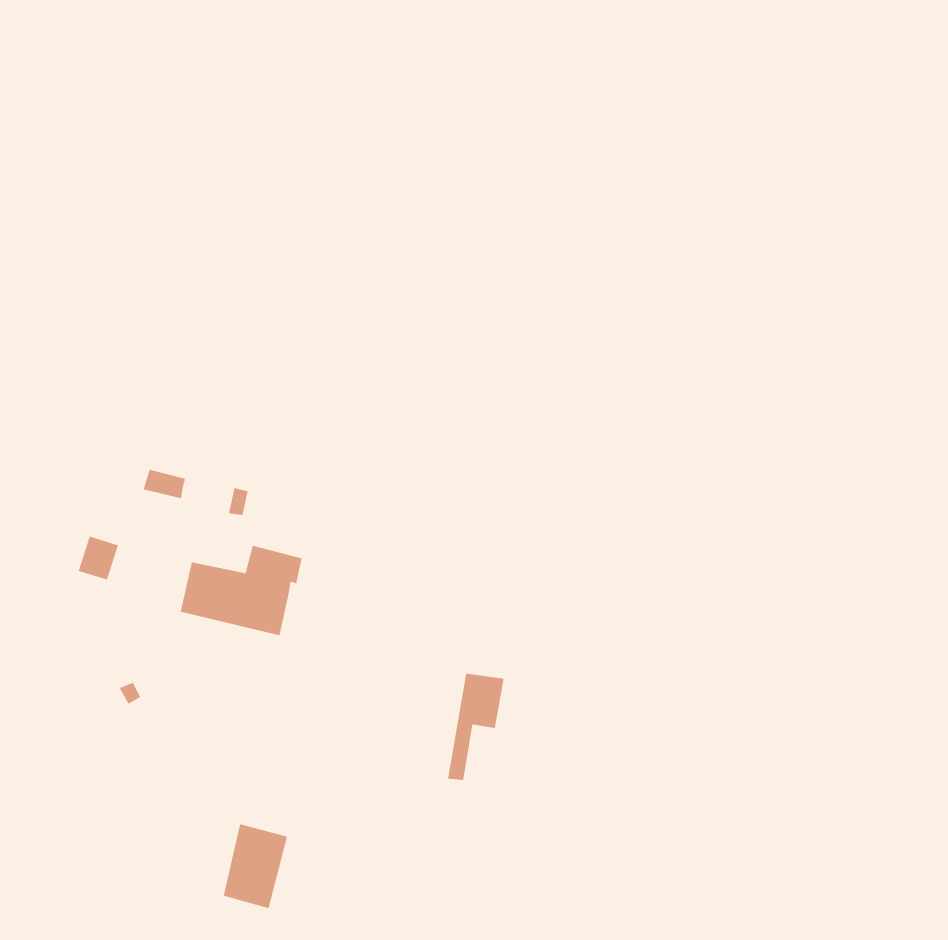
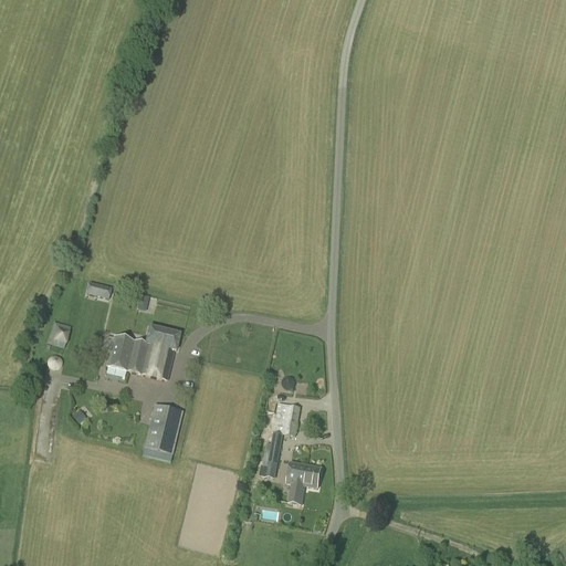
building: none -> [286,461,322,503]
building: [223,823,288,909] -> [144,402,182,453]

